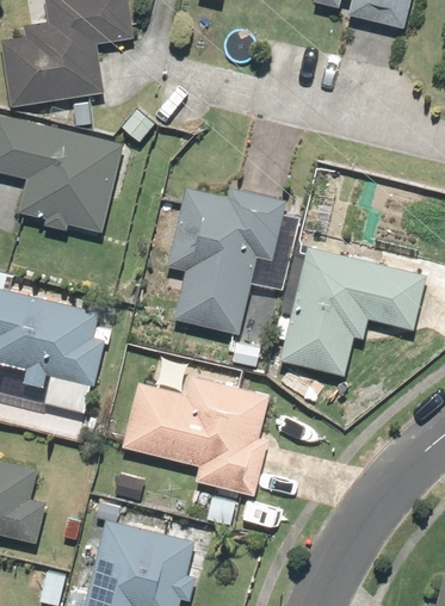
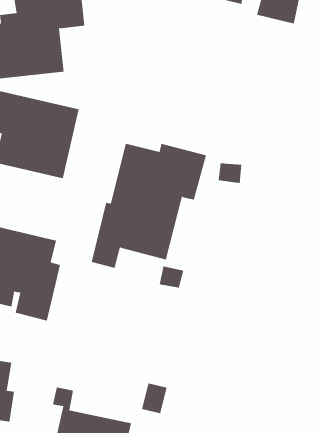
building: [276,247,425,378] -> none
building: [120,355,271,493] -> none

